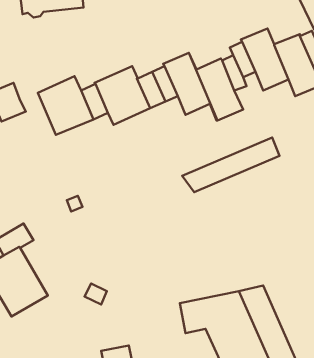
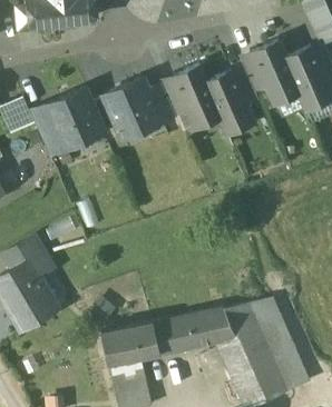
building: none -> [30,105,66,155]
building: [182,138,280,192] -> none
building: none -> [105,316,196,364]

